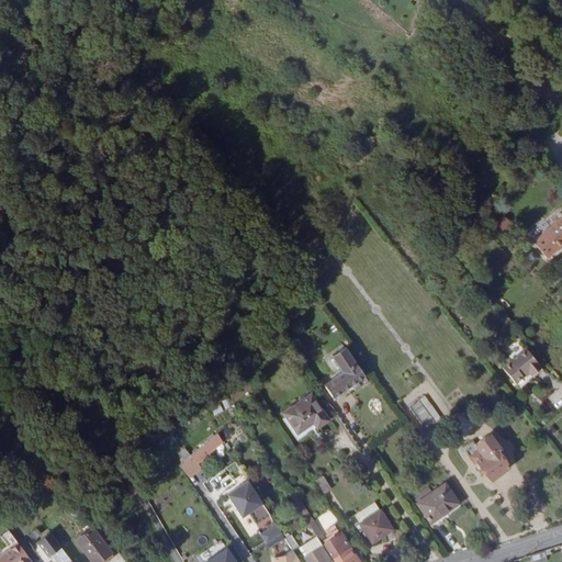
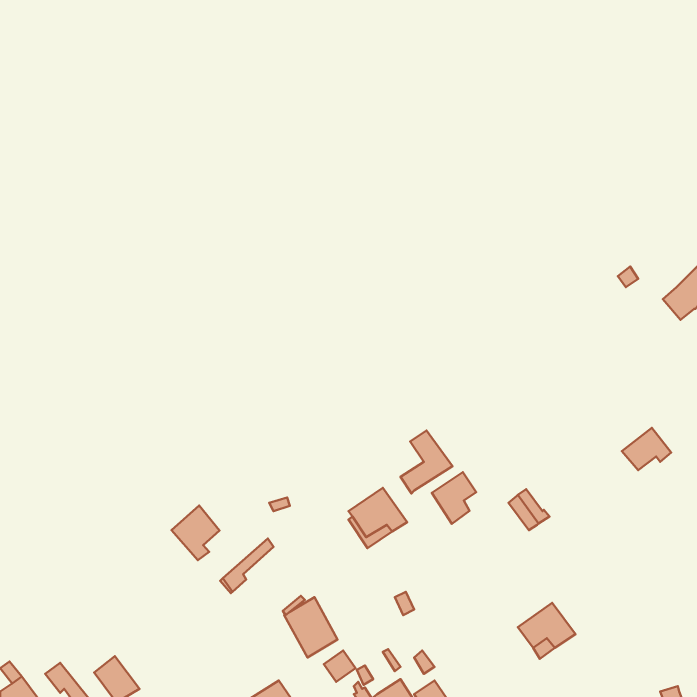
building: none -> [432,472,476,524]
building: none -> [171,506,220,560]
building: [469,435,507,479] -> none
building: [359,510,392,543] -> none

